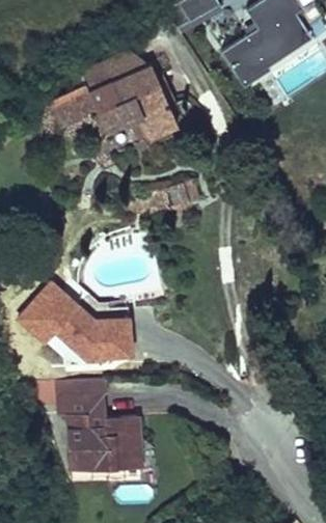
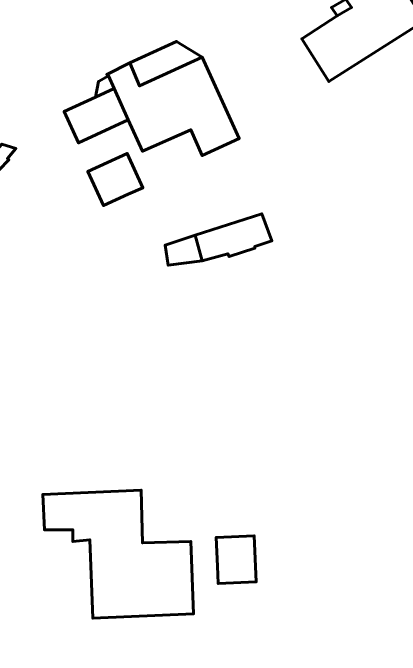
building: none -> [88,154,143,206]
building: [19,281,132,359] -> none
building: none -> [216,536,256,583]

